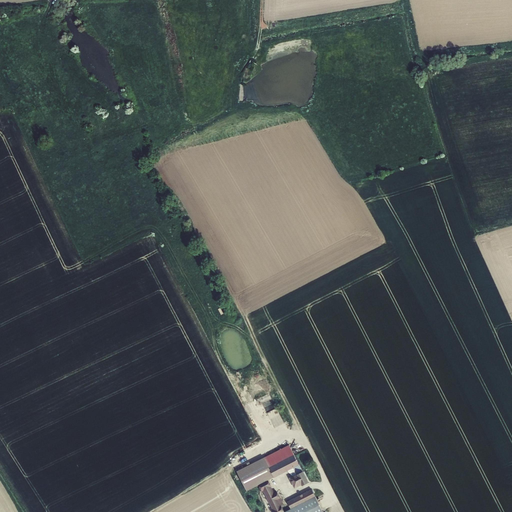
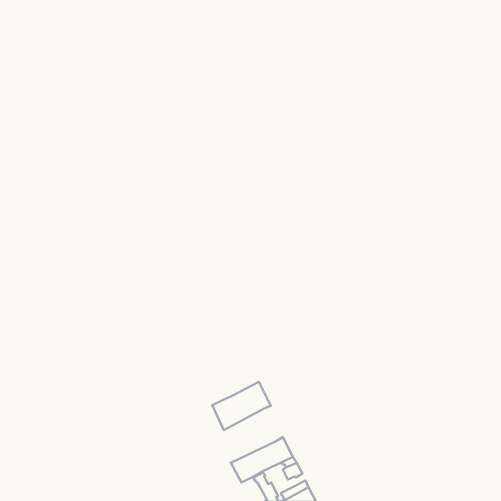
building: none -> [212,382,271,430]

